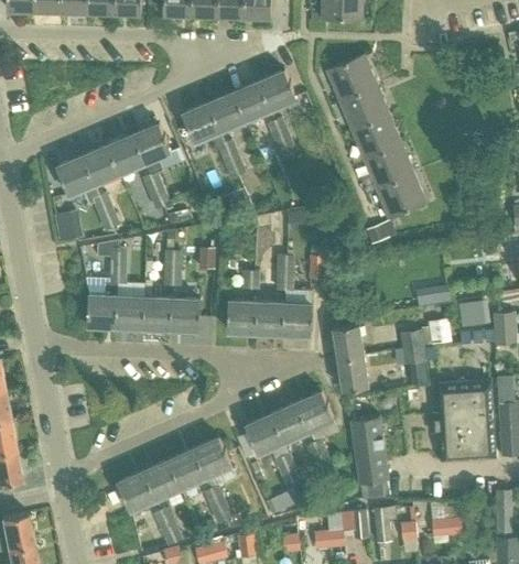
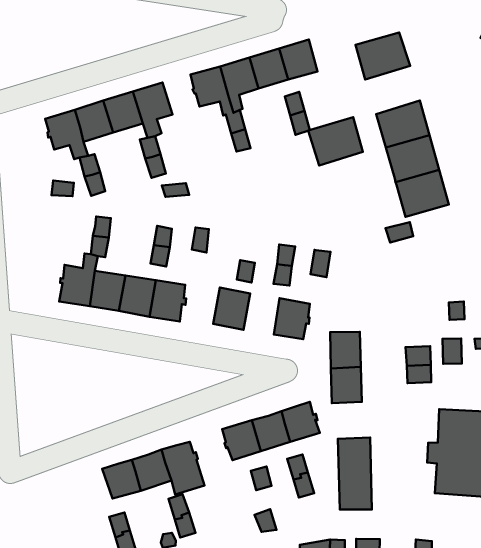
building: [337,84,388,130] -> [308,117,363,165]
building: [255,302,283,336] -> none
building: [118,473,155,509] -> none

